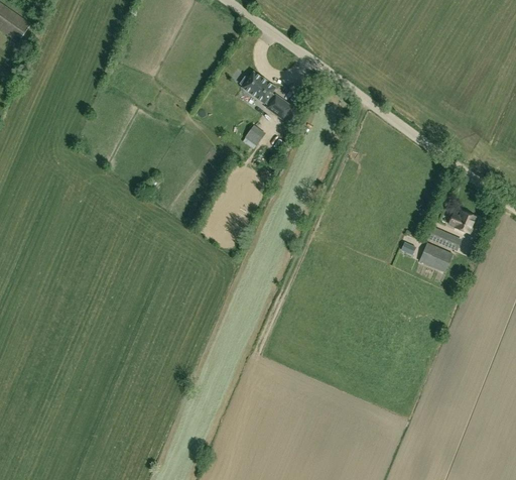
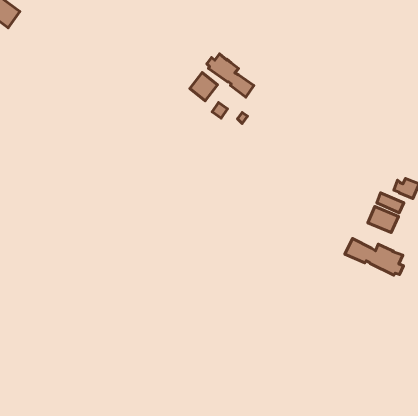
building: none -> [190,72,218,101]
building: none -> [345,239,403,275]

